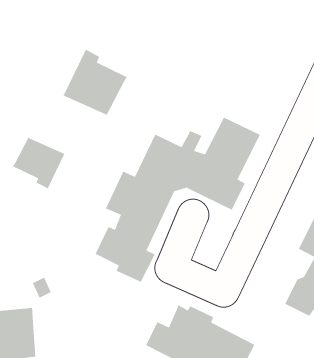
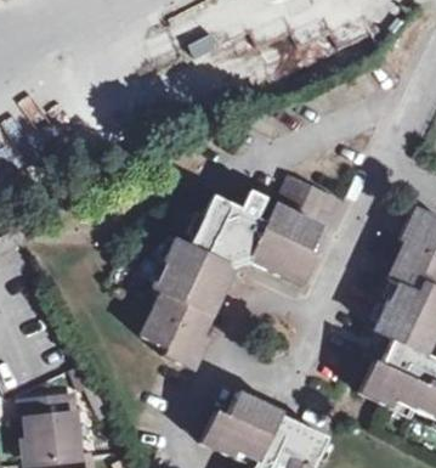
building: [62,49,128,116] -> none
building: [12,137,66,190] -> none

